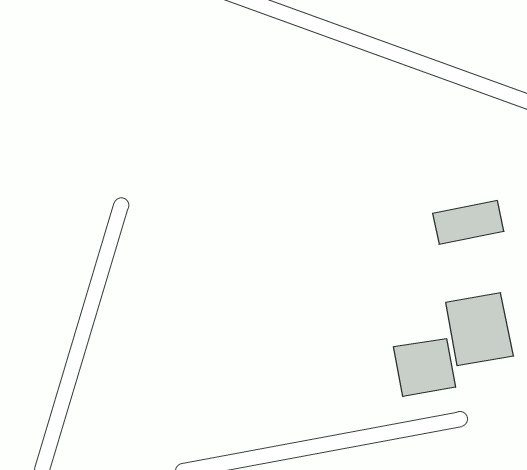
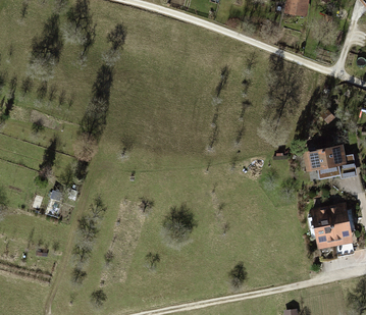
building: [394,339,455,397] -> none

